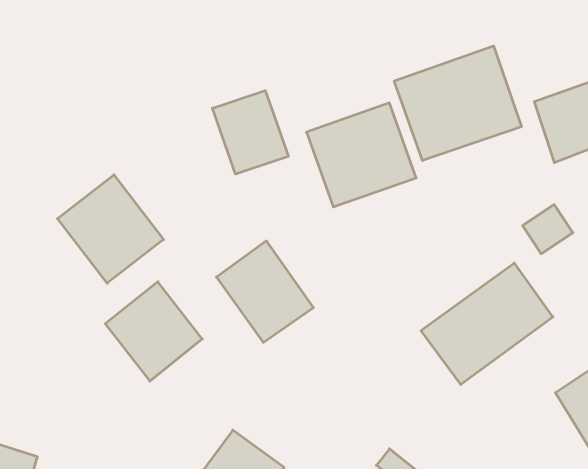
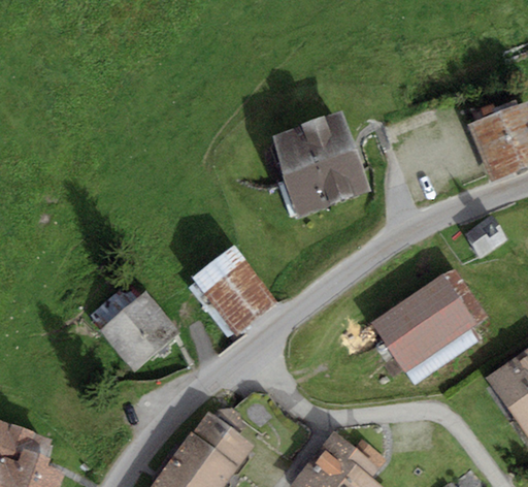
building: [394,46,521,161] -> none
building: [212,91,288,174] -> none
building: [57,175,164,283] -> none

